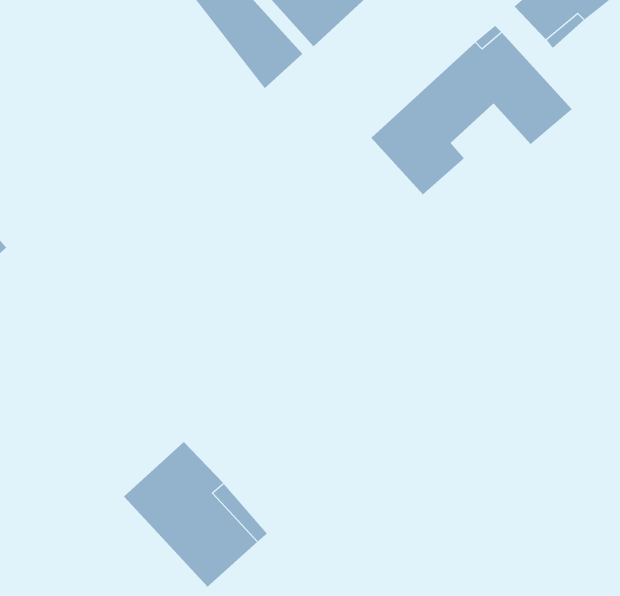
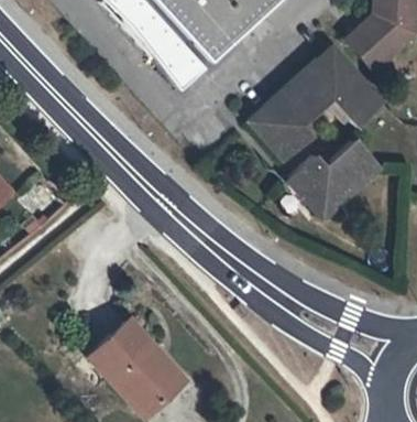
building: none -> [290,139,382,218]

